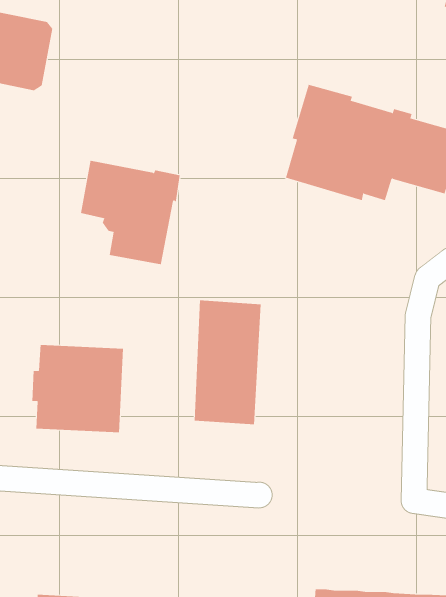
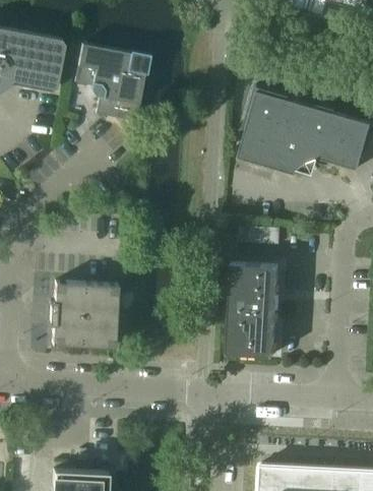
building: [80,160,181,265] -> [74,43,149,121]
building: [194,300,262,425] -> [228,262,278,356]

